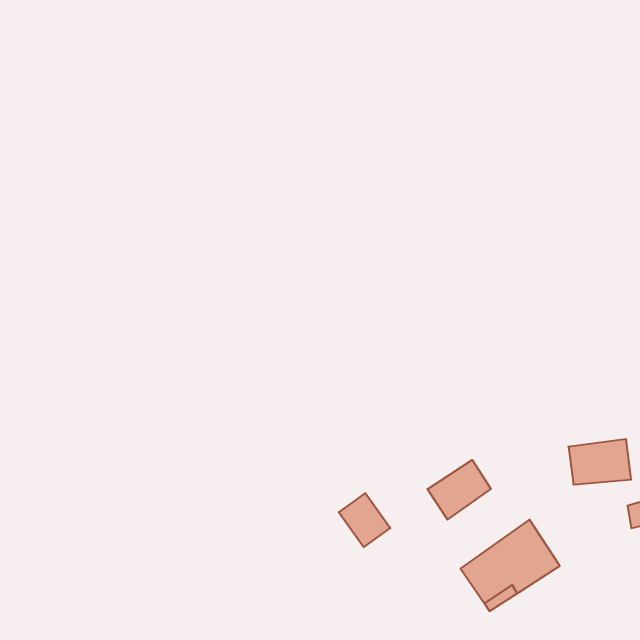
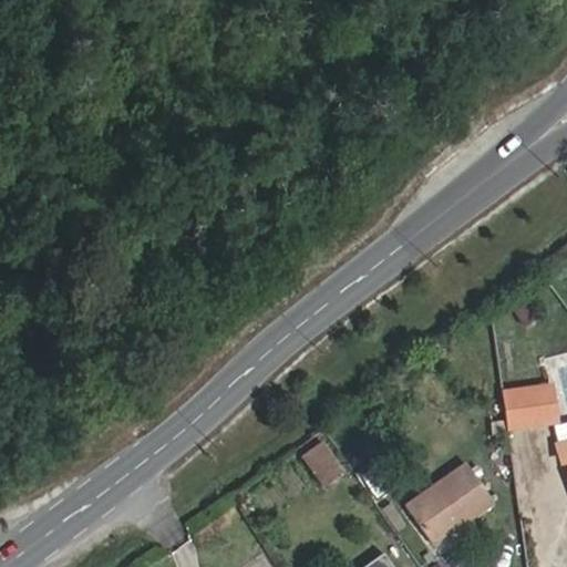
building: [427,460,491,520] -> none

